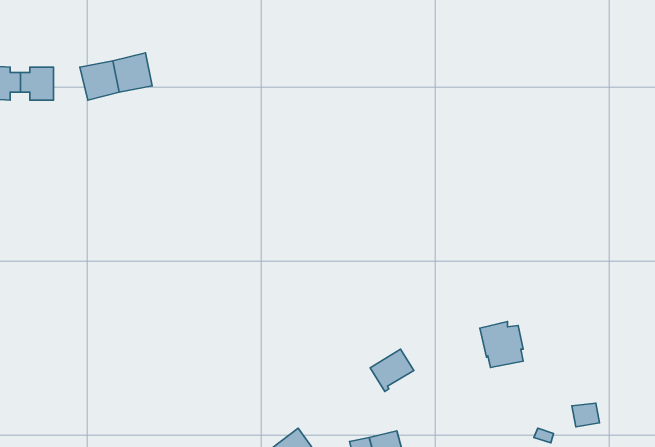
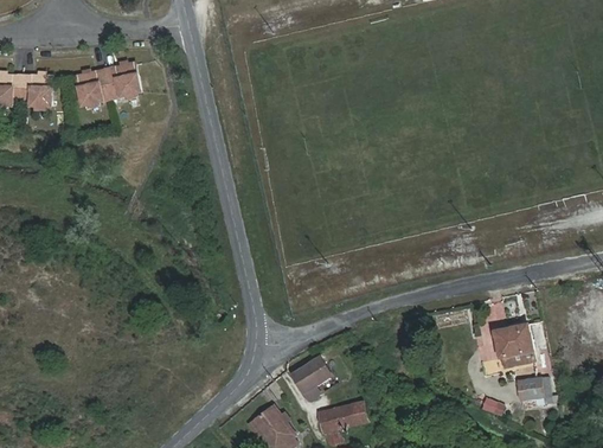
building: [480,321,523,368] -> [493,326,532,367]
building: [370,349,414,391] -> [290,358,329,396]

